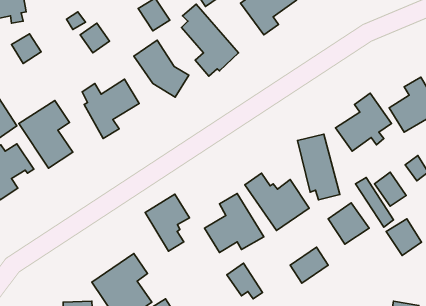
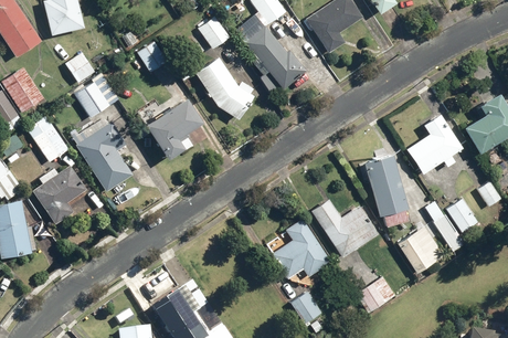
building: none -> [73,72,121,118]
building: [145,194,190,251] -> none
building: [386,219,422,255] -> none

